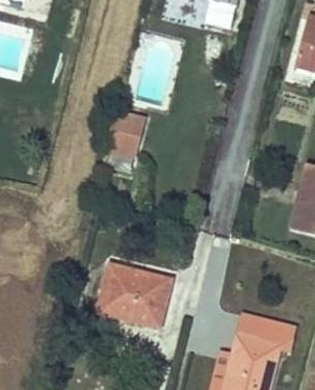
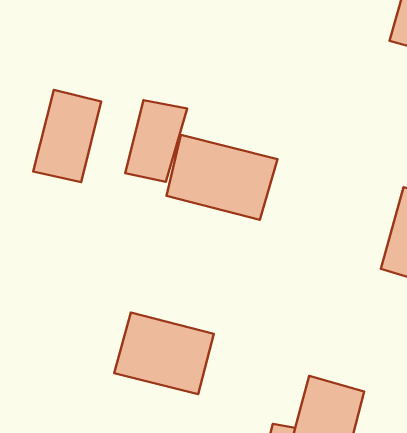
building: none -> [33,90,101,182]
building: none -> [167,135,278,220]

